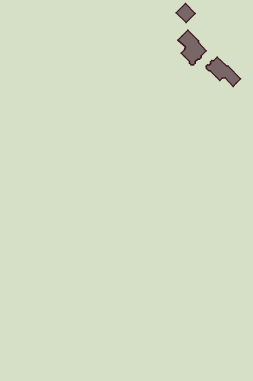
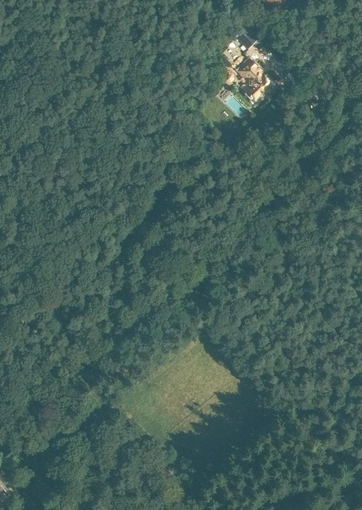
building: [206,57,241,86] -> none

